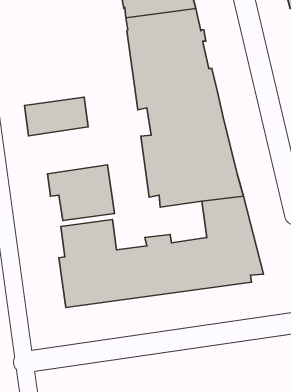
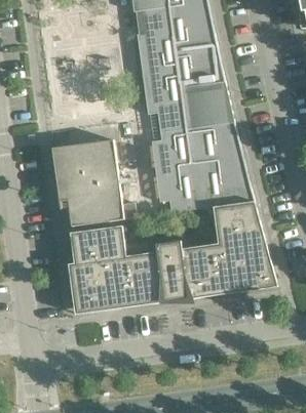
building: [24,97,88,136] -> [53,139,118,178]

